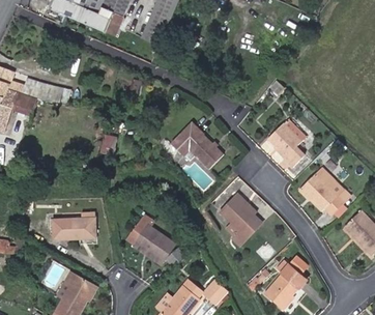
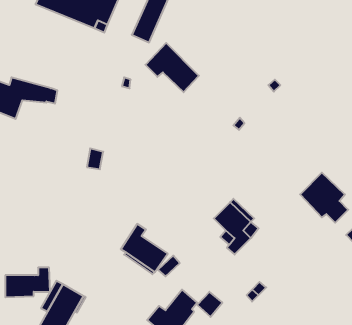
building: [267,119,306,169] -> none
building: [172,123,223,170] -> [145,43,199,92]
building: [53,211,95,239] -> [5,268,50,297]
building: [264,254,310,308] -> none

